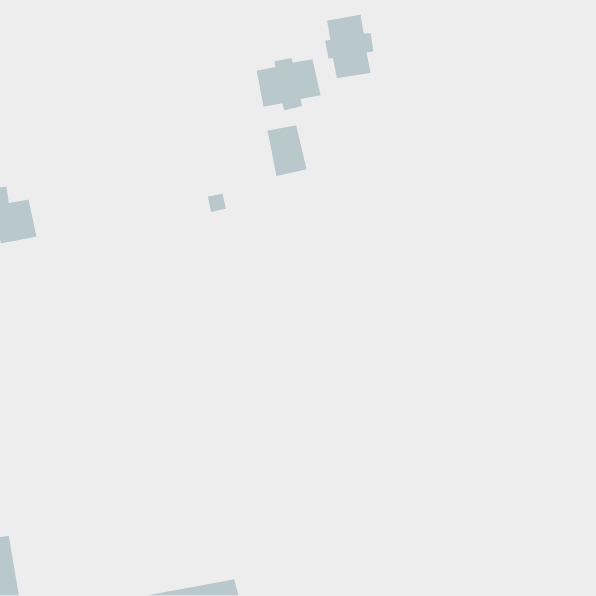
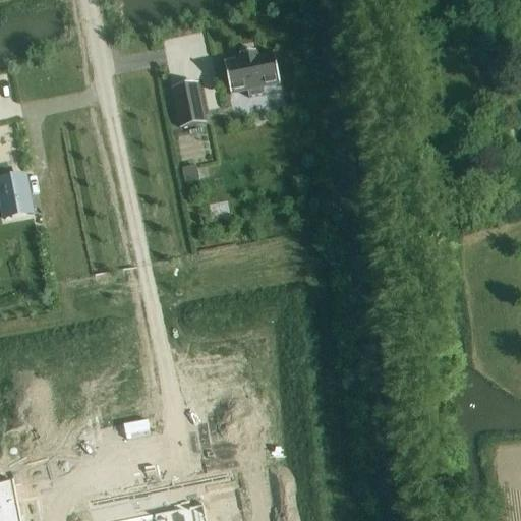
building: [324,14,374,79] -> none
building: [267,124,308,177] -> [170,85,206,131]

